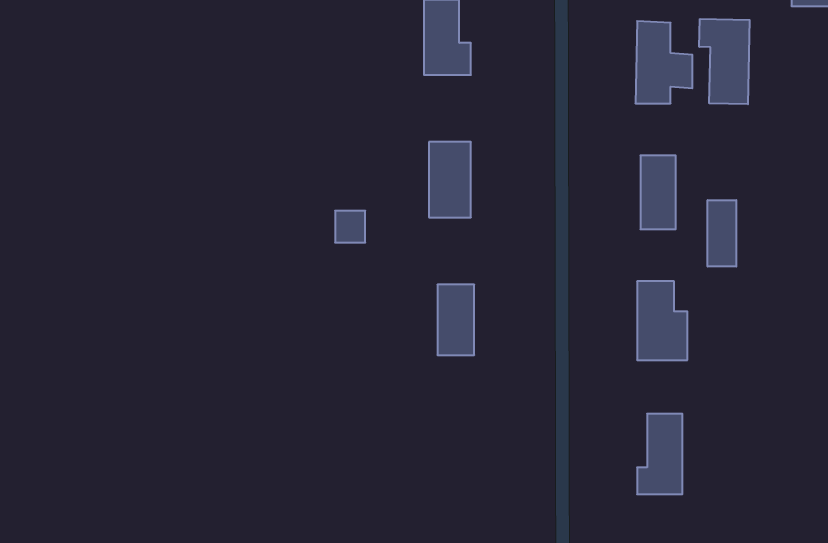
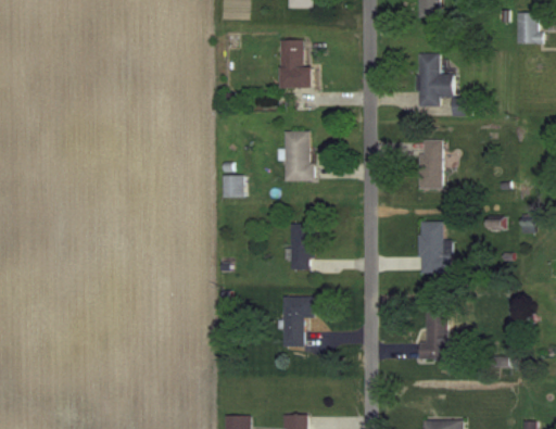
building: [699,19,750,104] -> none
building: [708,200,736,267] -> none
building: none -> [282,296,313,348]

